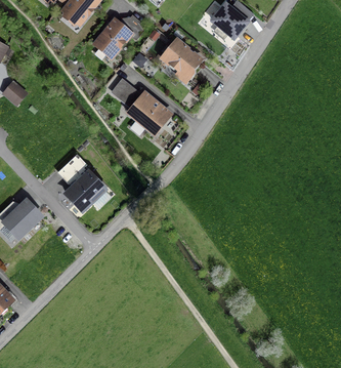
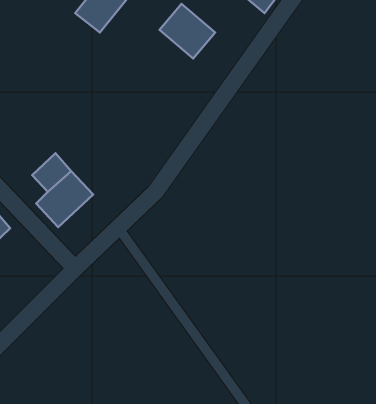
building: [110,78,169,134] -> none

